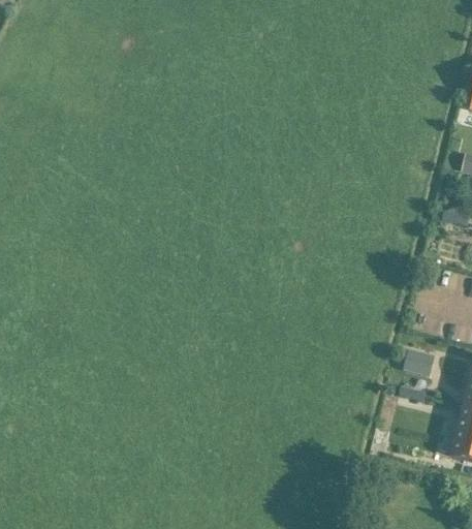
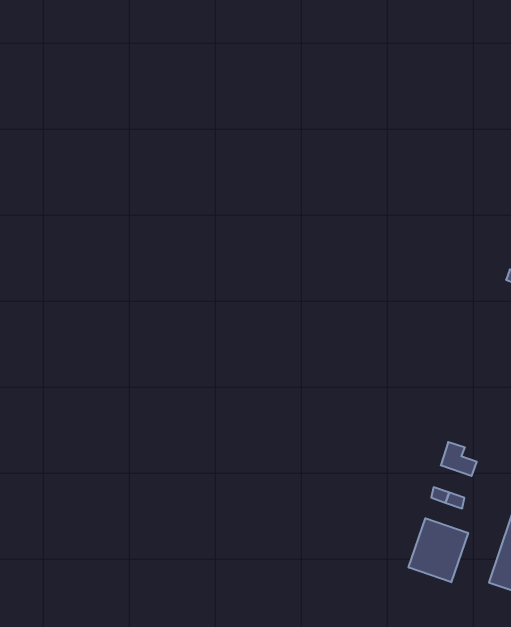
building: none -> [409,518,468,582]

